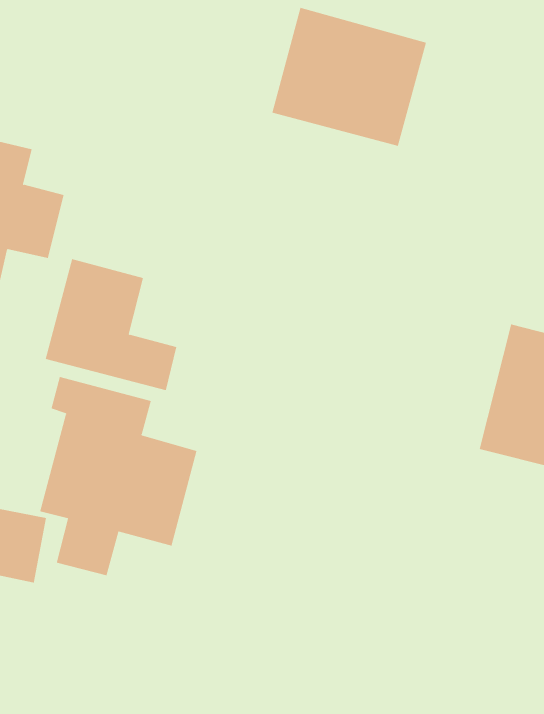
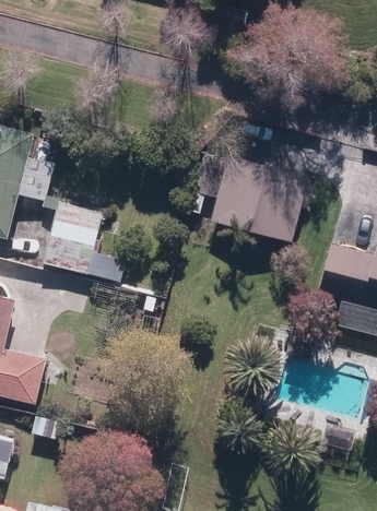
building: [271,7,427,146] -> [213,154,309,240]
building: [39,376,197,576] -> none

